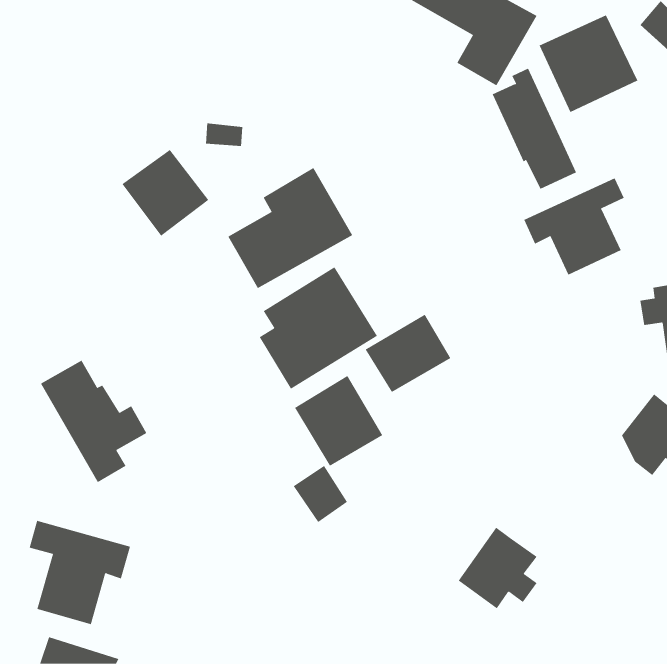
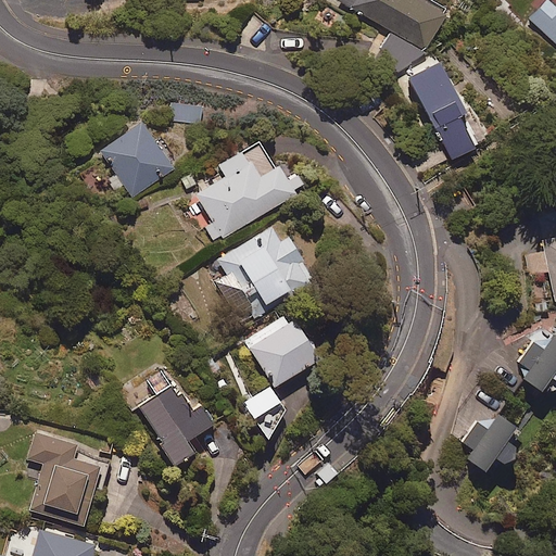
building: [539,15,638,113] -> none
building: [523,177,625,276] -> none
building: [365,314,451,393] -> none
building: [40,360,147,483] -> [126,366,215,468]
building: [458,527,538,609] -> [454,408,520,477]

